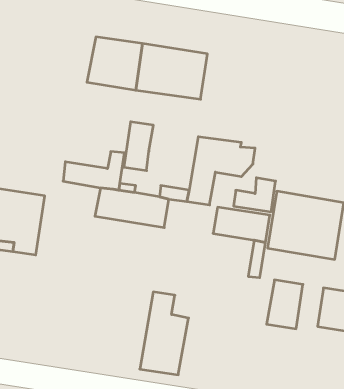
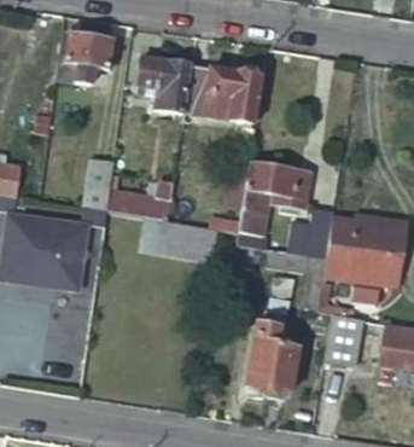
building: none -> [62,36,118,83]
building: [124,122,153,171] -> [84,158,116,210]
building: [140,292,189,375] -> [251,307,303,395]

